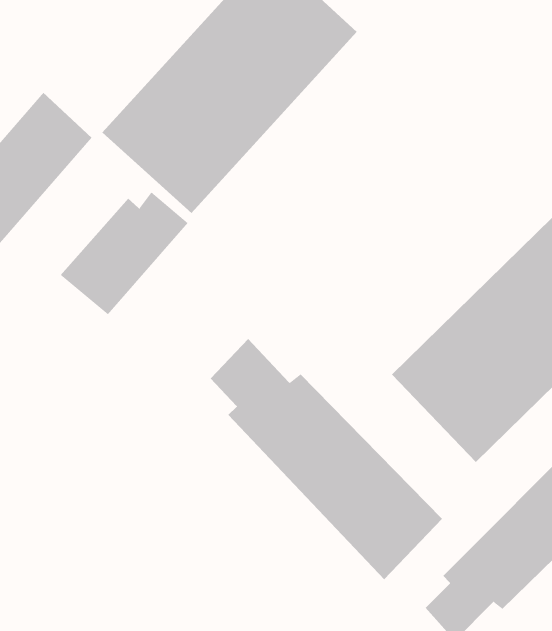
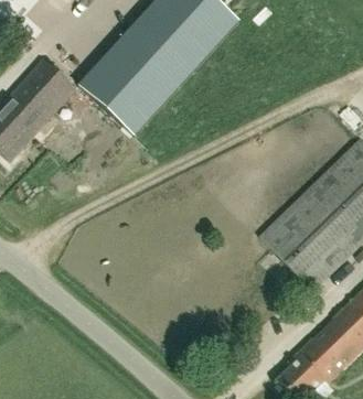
building: [60,192,189,315] -> none
building: [210,338,443,580] -> none

